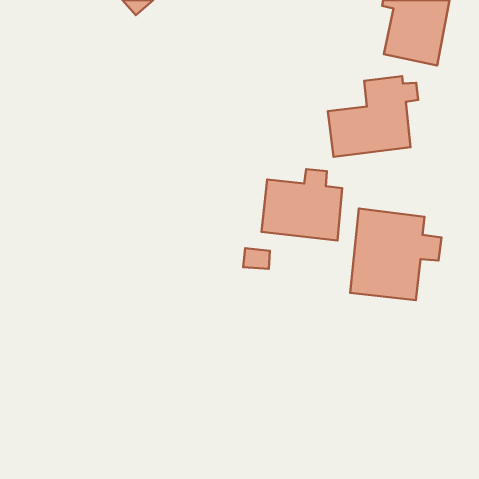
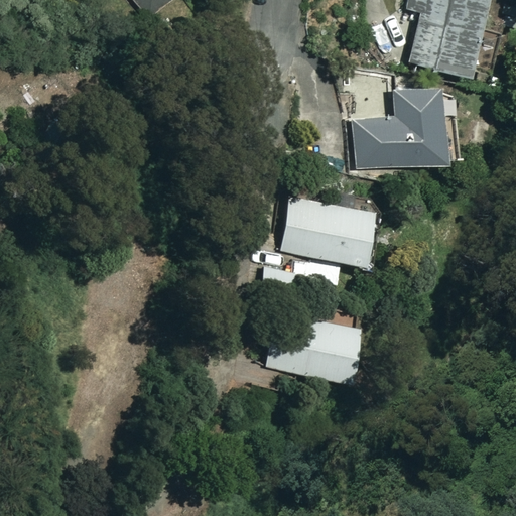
building: [350,209,442,300] -> none
building: none -> [269,313,351,375]

